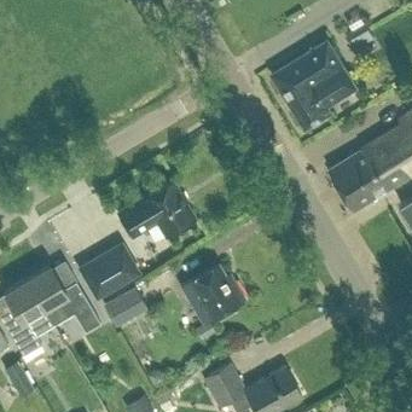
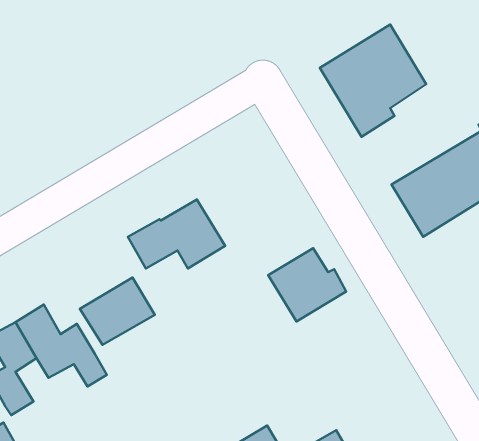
building: [181,265,244,324] -> [268,248,346,321]
building: [103,289,146,327] -> none

